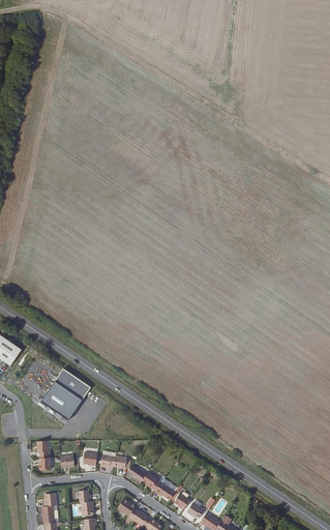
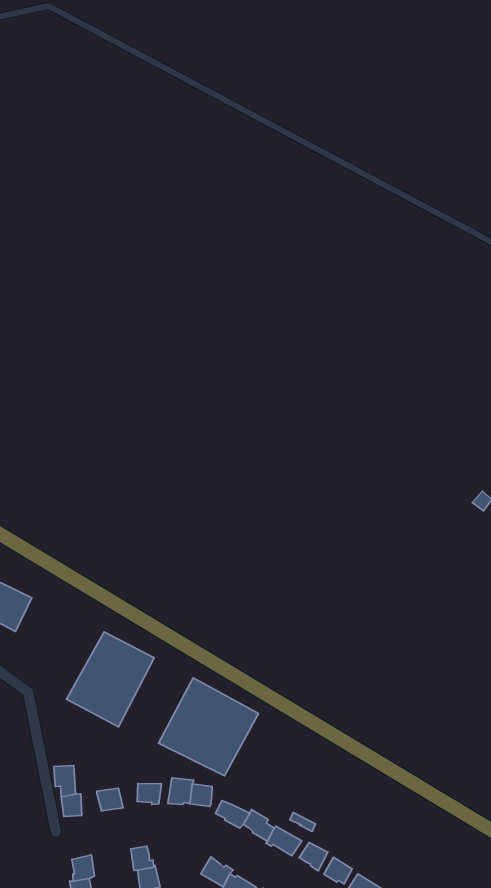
building: none -> [158,678,258,776]

